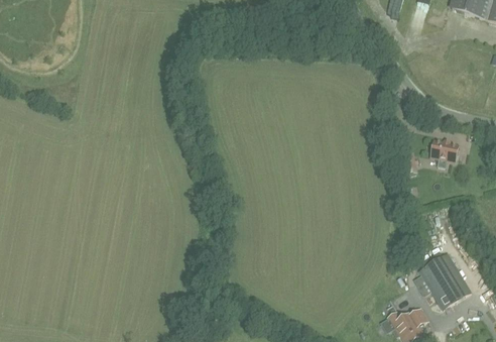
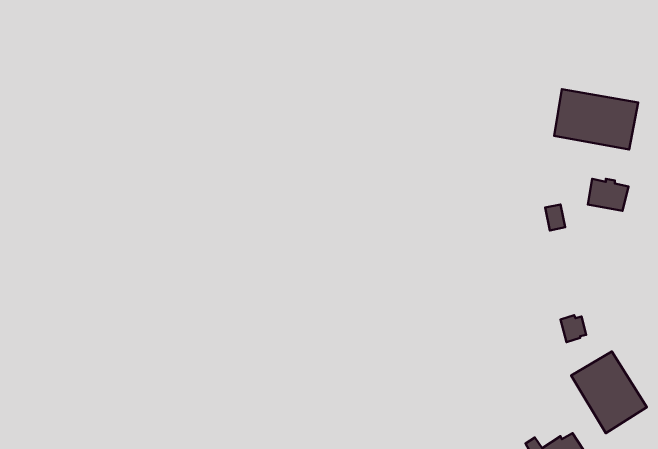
building: none -> [554,89,638,150]

